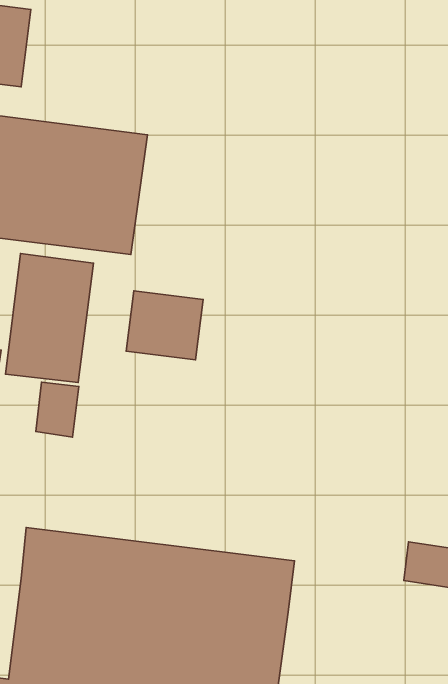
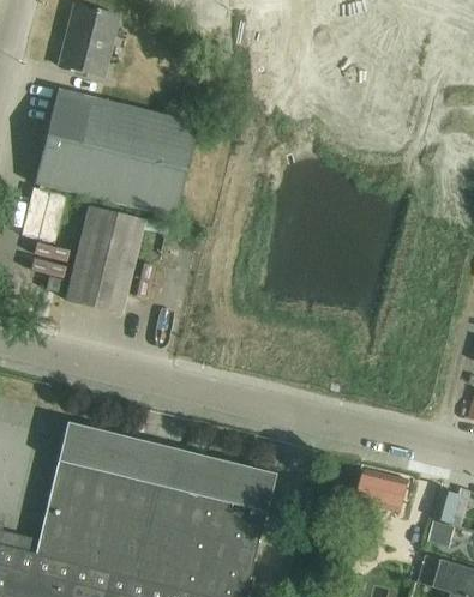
building: [126,291,203,360] -> none
building: [36,382,79,437] -> none

